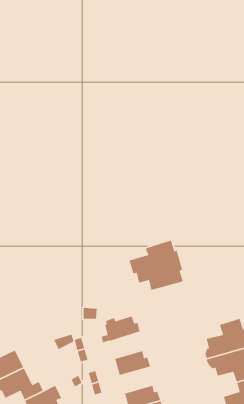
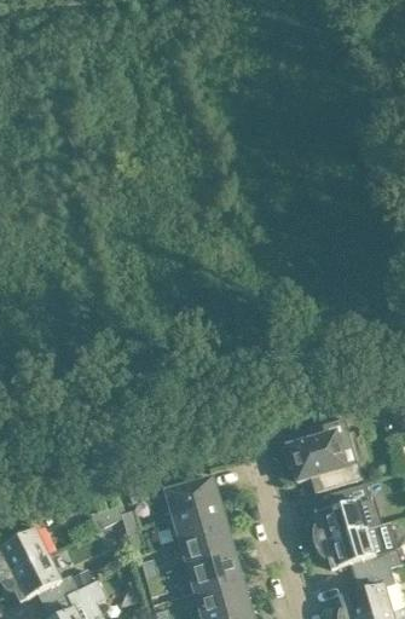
building: [129,240,184,291] -> [282,418,363,493]
building: none -> [173,504,224,543]
building: none -> [187,555,238,594]

